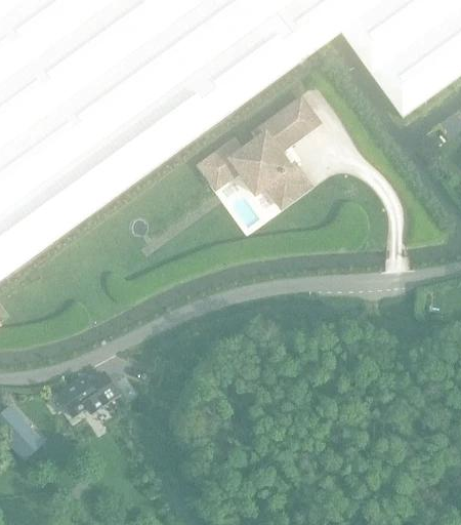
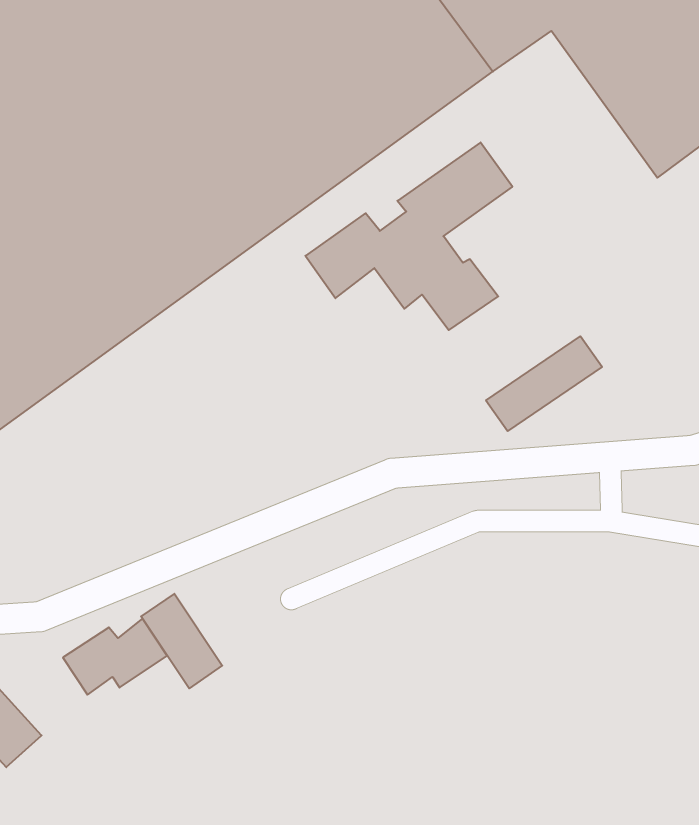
building: none -> [486,336,602,431]
building: none -> [141,594,222,688]

